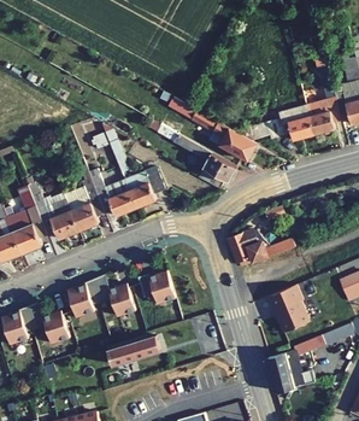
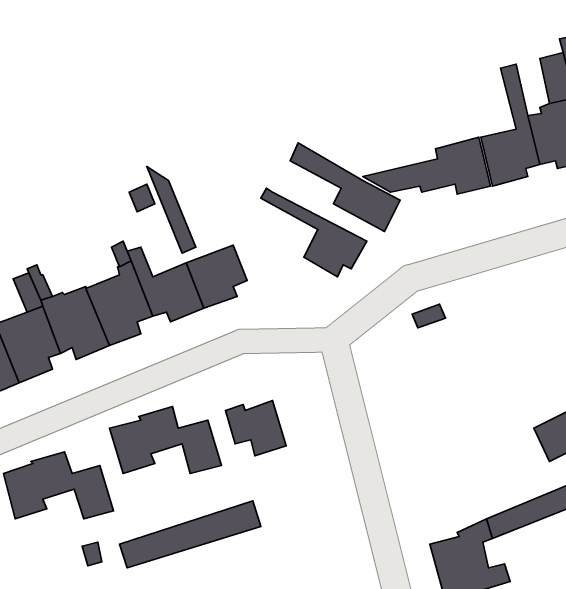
building: [225,234,293,269] -> none
building: [272,281,313,331] -> none

